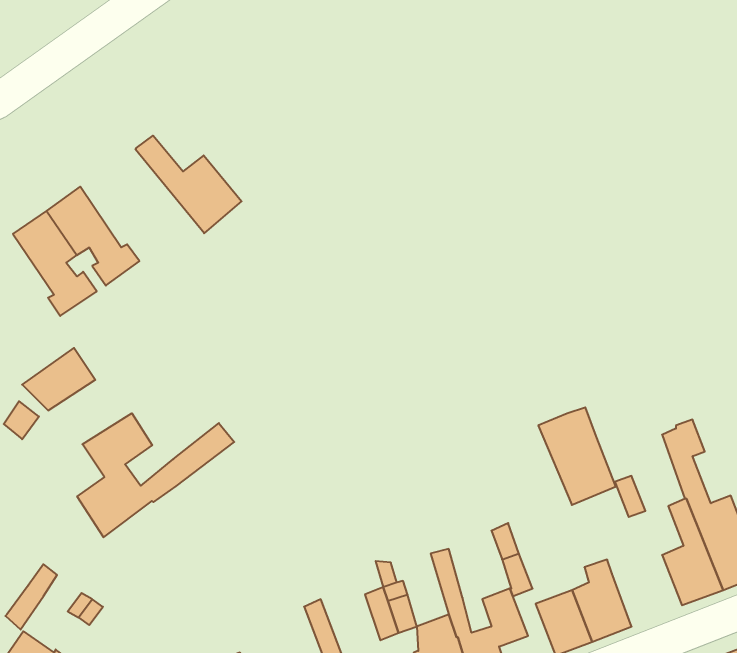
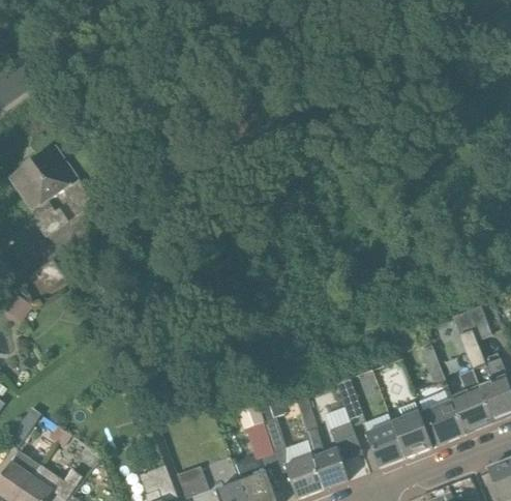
building: [136,136,242,233] -> none
building: [538,407,616,505] -> [413,379,465,445]
building: [77,413,234,537] -> none

